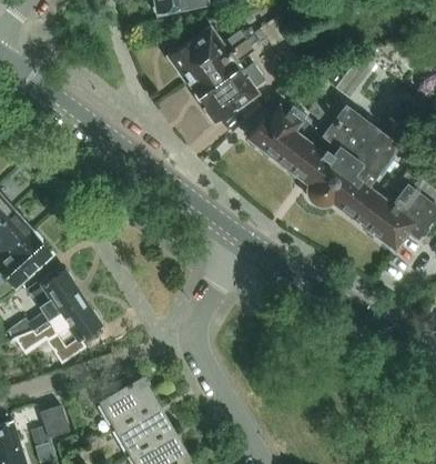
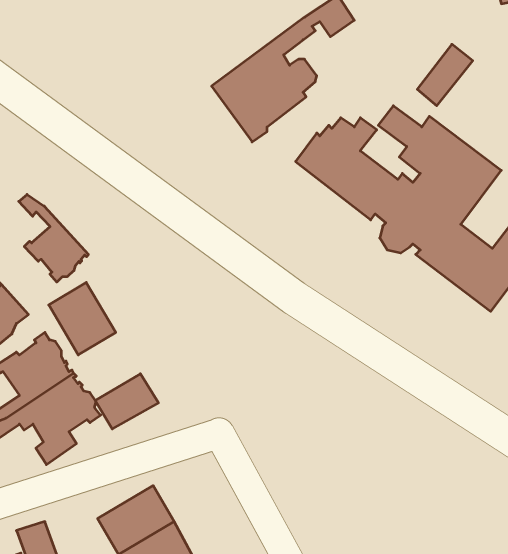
building: [165,28,254,83] -> none
building: none -> [19,194,88,282]
building: none -> [49,282,116,355]
building: none -> [95,374,158,429]

